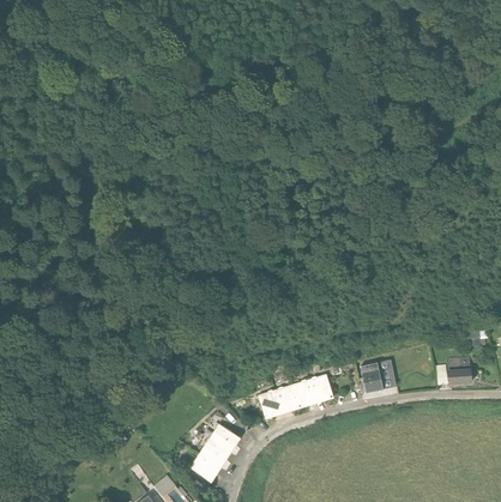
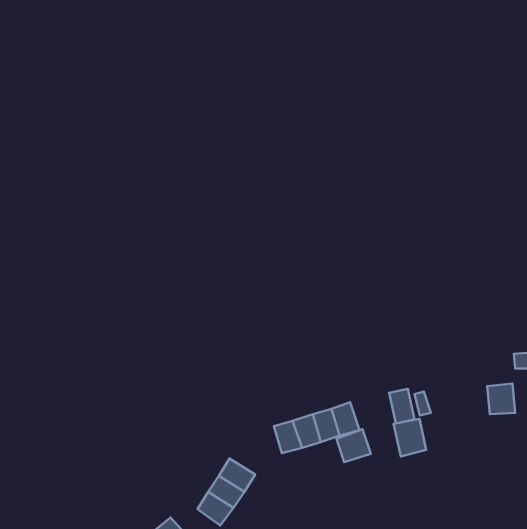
building: none -> [394,419,426,457]
building: none -> [336,429,371,462]

